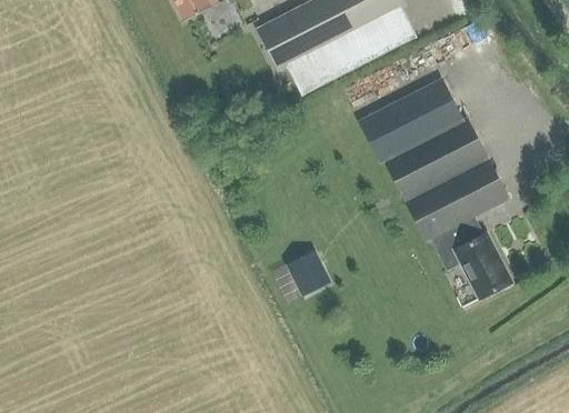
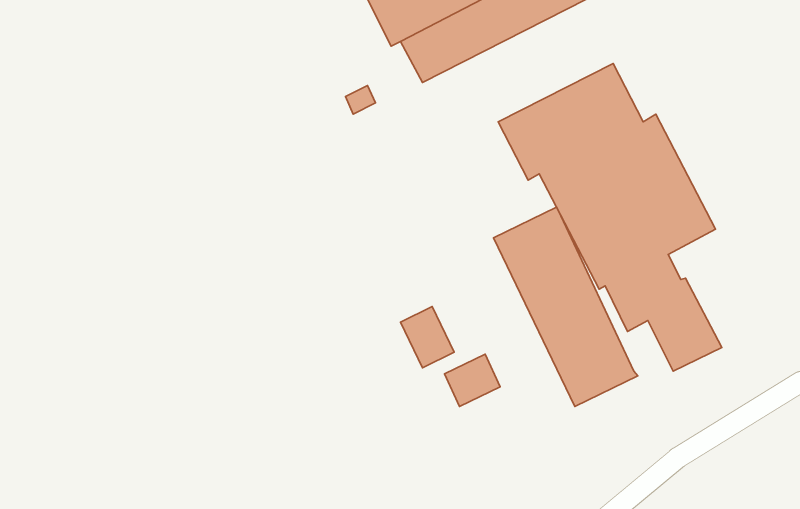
building: none -> [494,207,638,407]
building: none -> [444,354,500,406]

